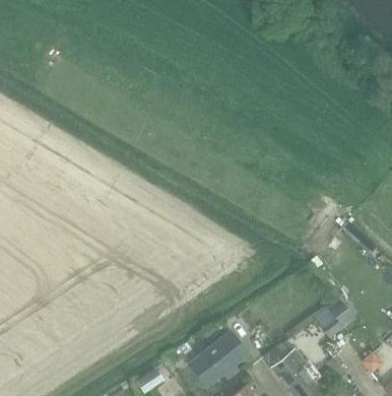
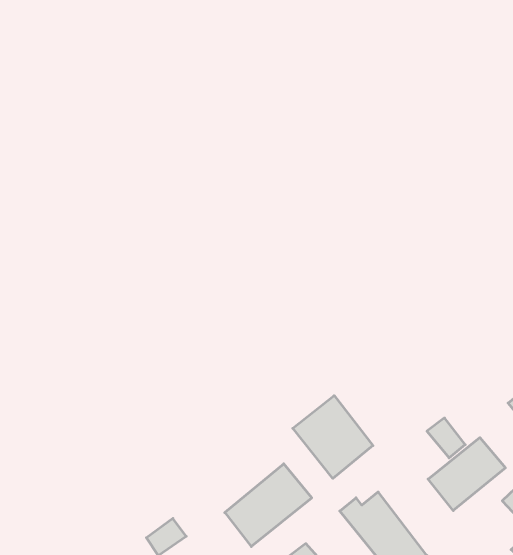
building: none -> [293,396,373,478]
building: none -> [428,438,505,511]

